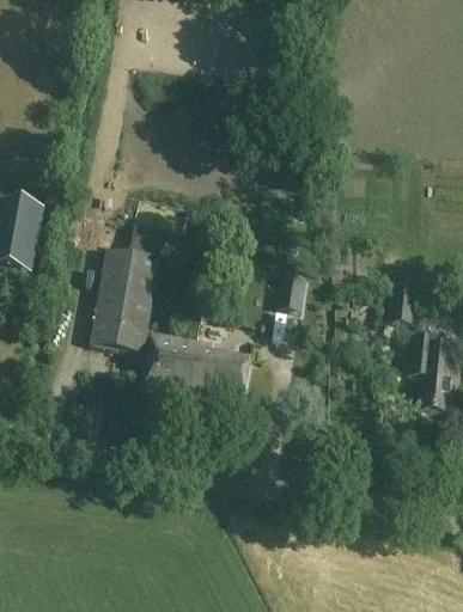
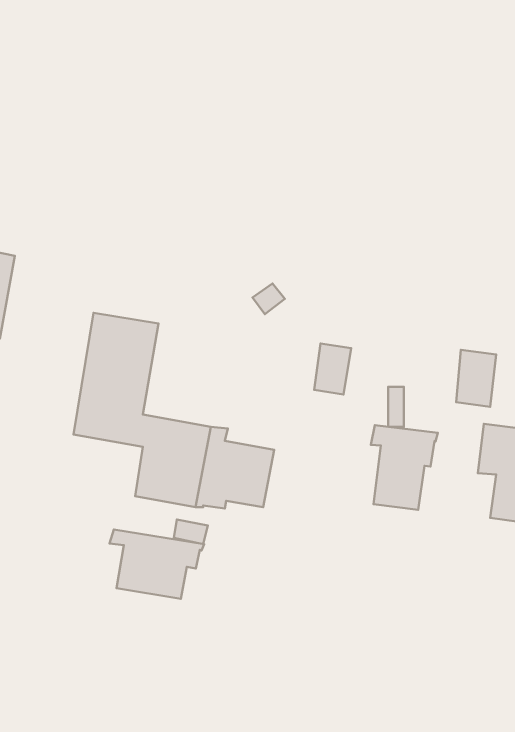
building: none -> [371,425,438,510]
building: none -> [110,529,204,599]

